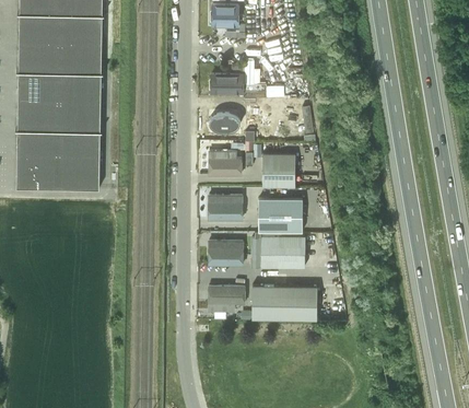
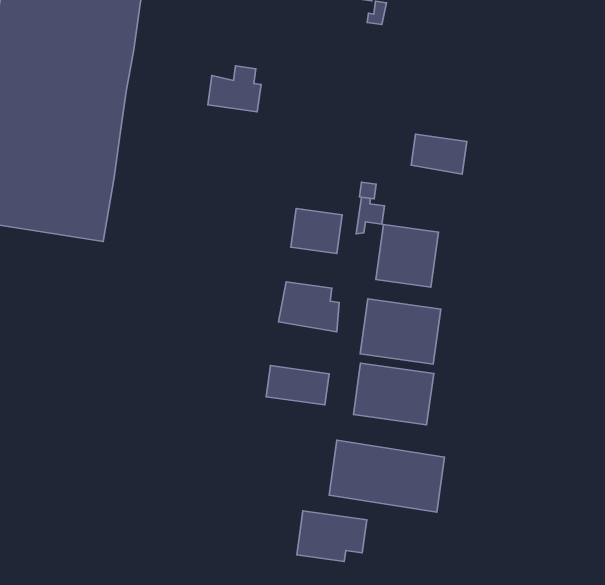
building: [210,68,239,93] -> [208,66,261,112]
building: [215,109,246,129] -> [411,134,467,174]
building: [209,284,247,311] -> [297,511,367,562]

